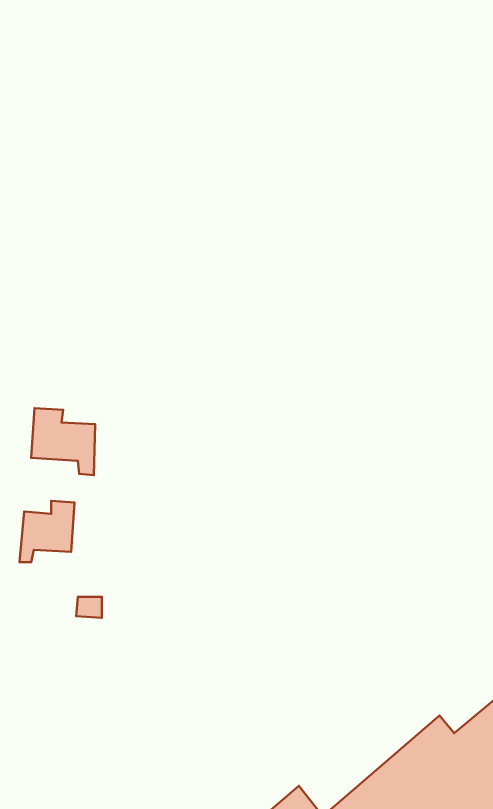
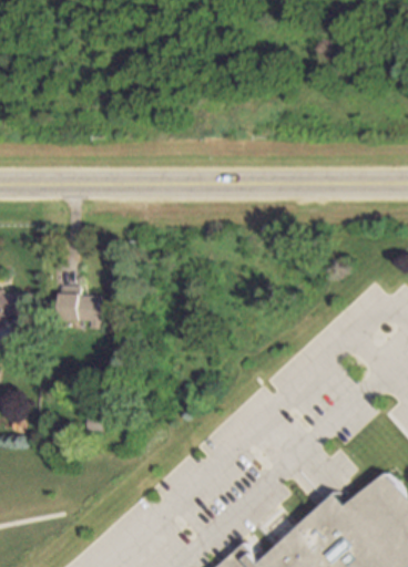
building: [19,501,74,562] -> none

